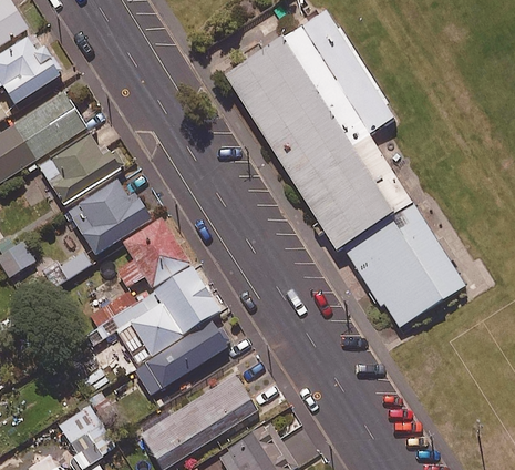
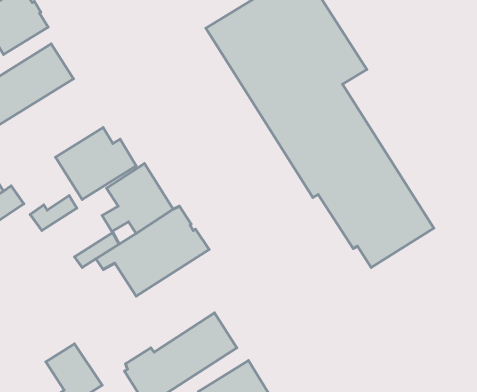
building: [37,135,124,208] -> none
building: [135,321,229,395] -> none

